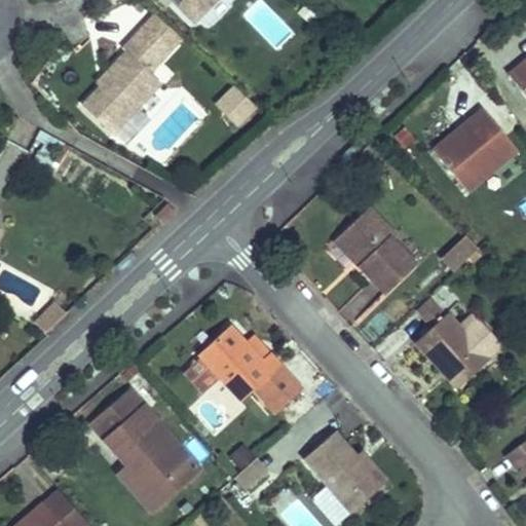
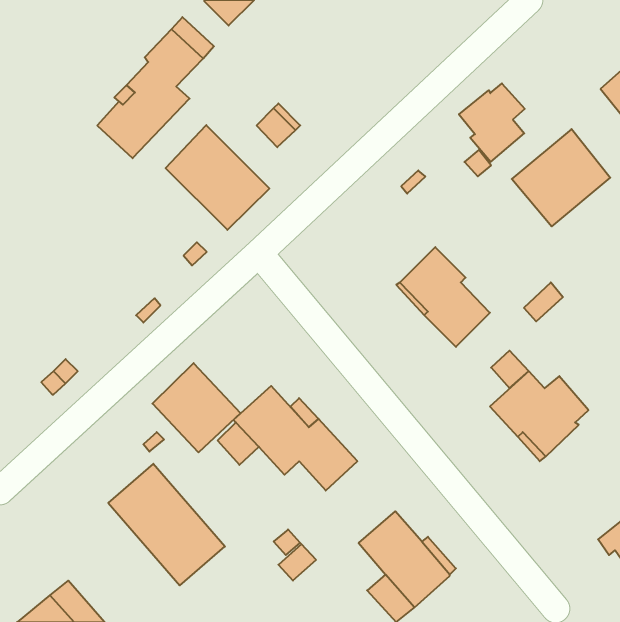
building: none -> [459,83,525,162]
building: none -> [166,125,269,230]
building: none -> [152,363,241,452]
building: [120,461,198,511] -> none

